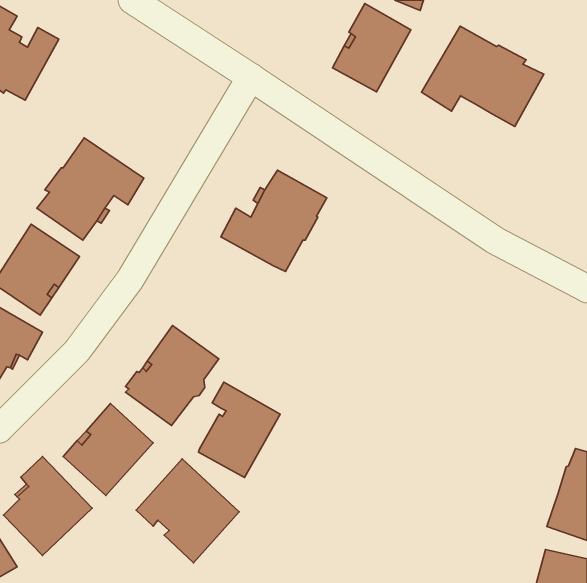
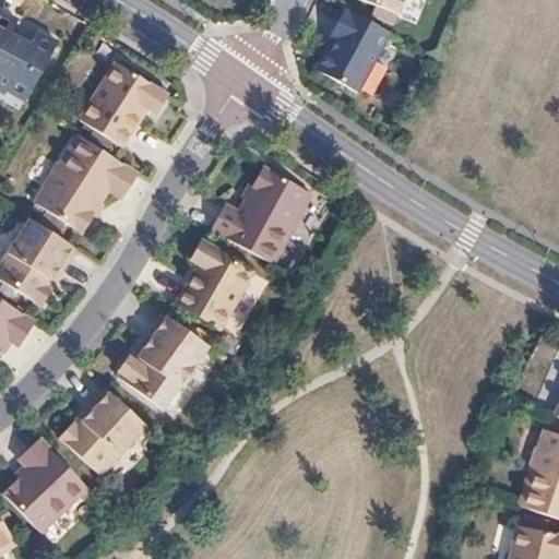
building: [422,26,544,126] -> none
building: none -> [80,62,168,147]
building: [198,382,280,478] -> [179,239,257,330]
building: [136,459,239,563] -> none

